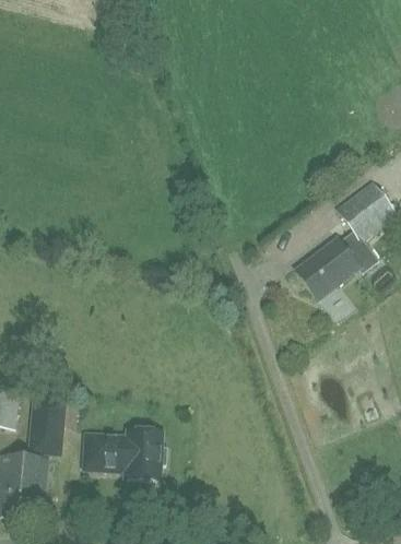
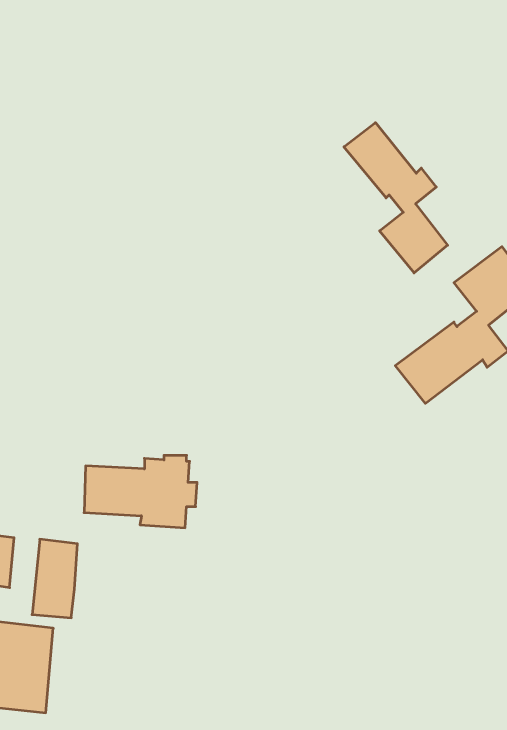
building: none -> [344,123,448,273]
building: [86,426,168,478] -> [84,455,197,528]

